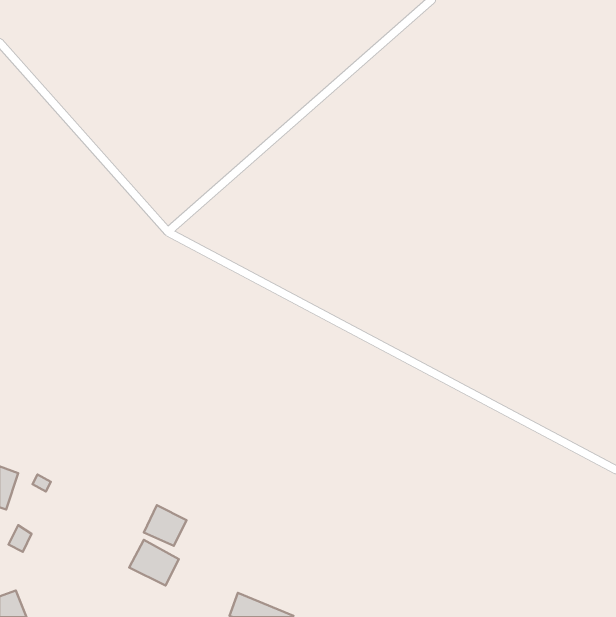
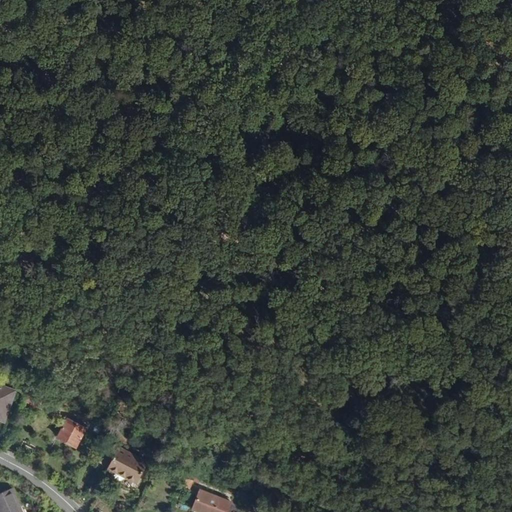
building: [144,505,187,546] -> none
building: none -> [57,420,87,450]

